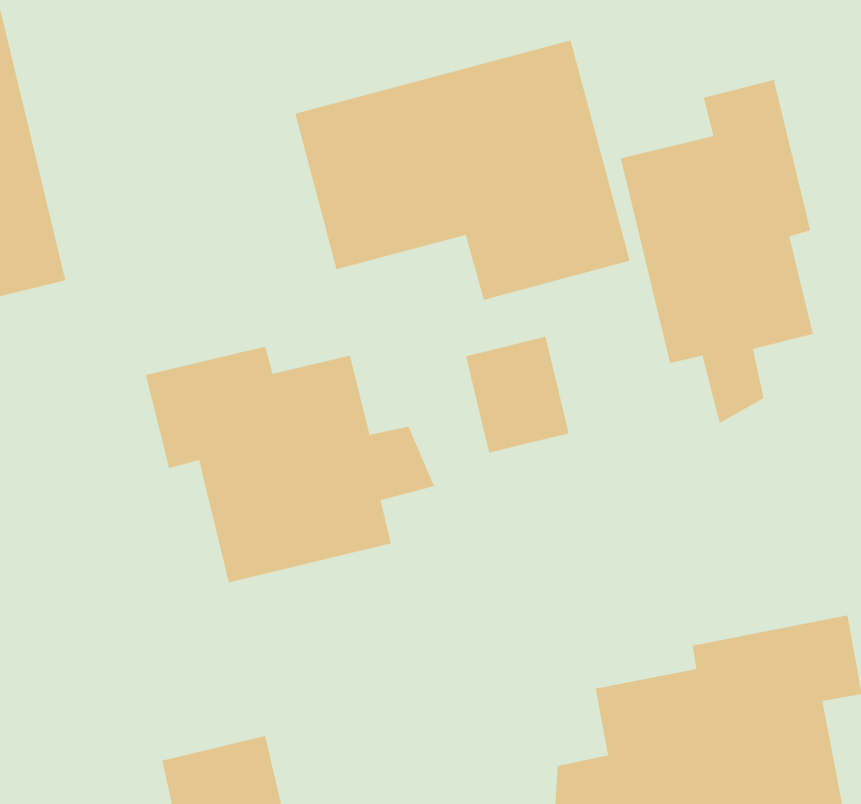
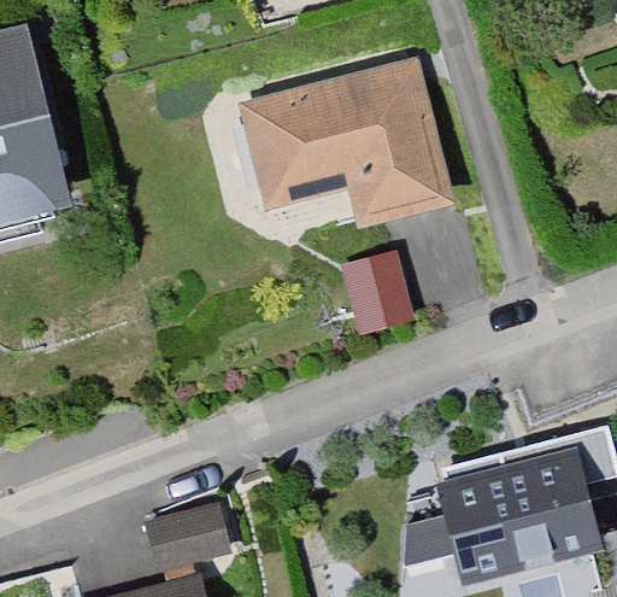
building: [620,79,813,424] -> none
building: [145,346,435,583] -> none

